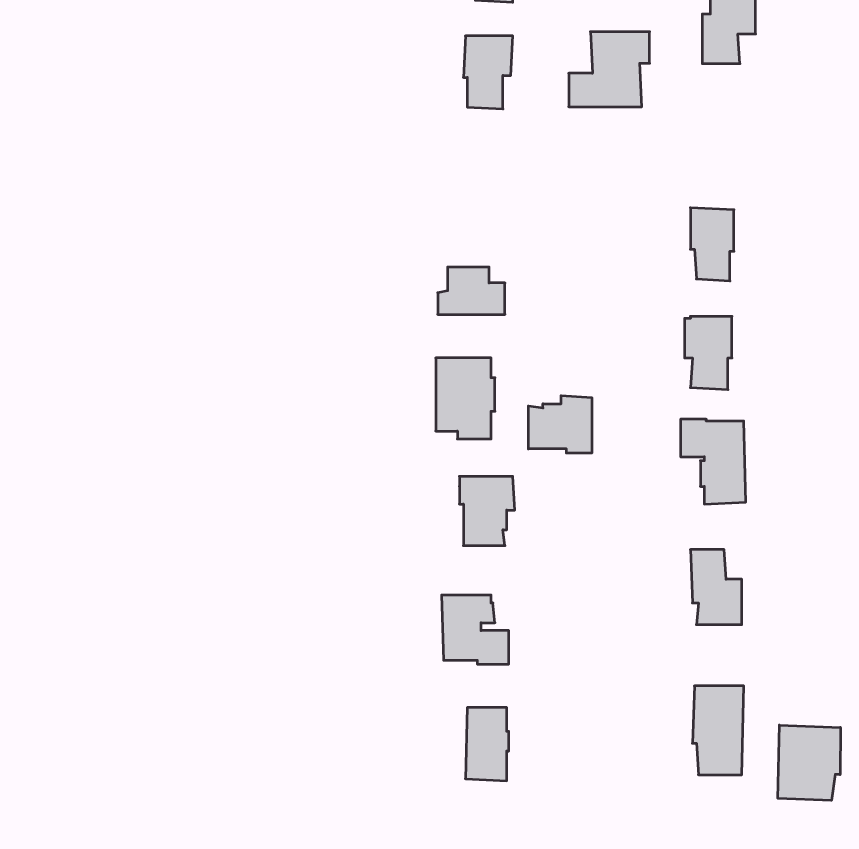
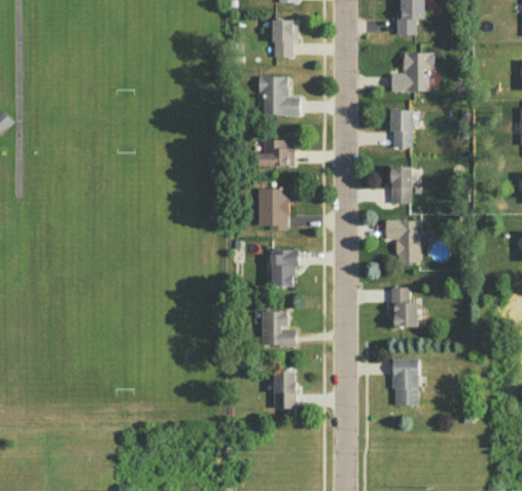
building: [569,32,650,107] -> [391,51,433,91]
building: none -> [258,76,300,115]
building: [528,396,592,453] -> none
building: [778,725,840,800] -> none

